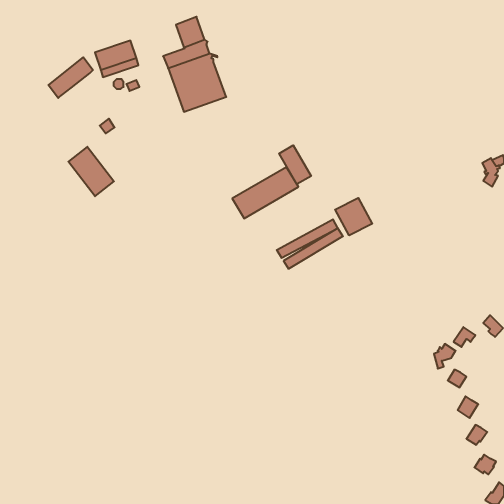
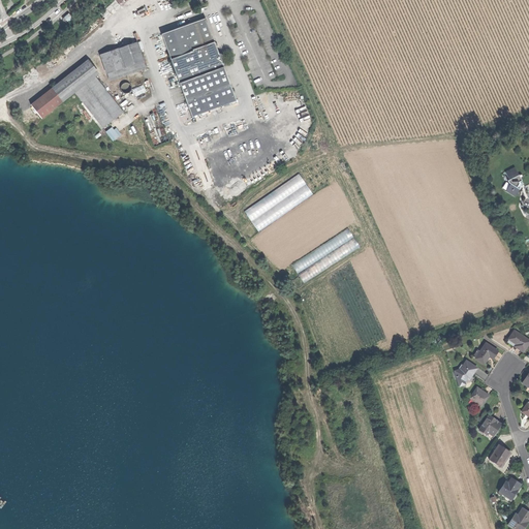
building: none -> [161,26,193,59]
building: none -> [30,89,61,118]
building: [279,145,311,184] -> none
building: [68,147,114,196] -> [74,76,122,128]
building: [335,198,372,235] -> none

